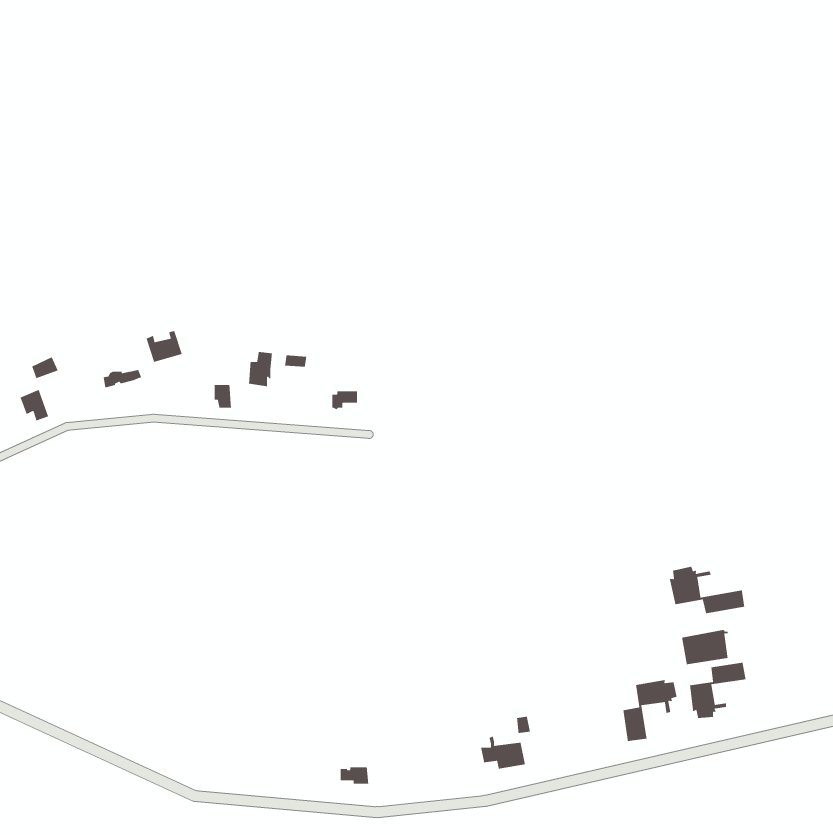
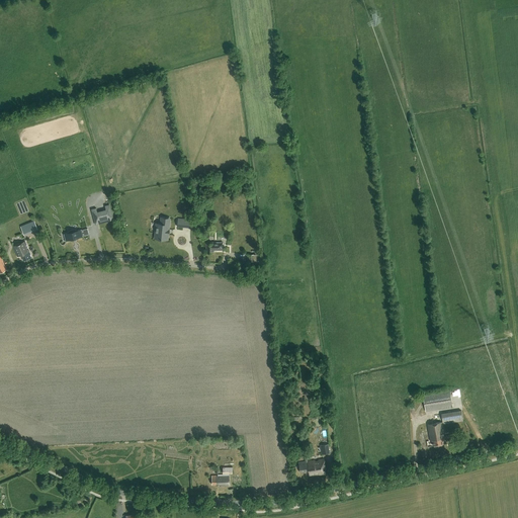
building: [669,566,745,614] -> none
building: [622,679,678,742] -> none

